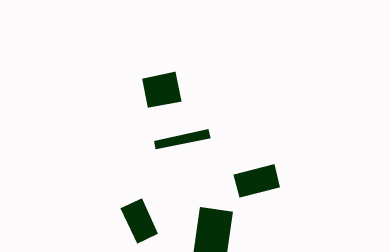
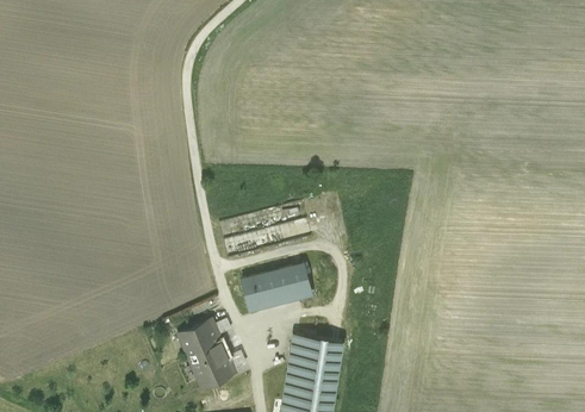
building: [142,71,182,109] -> none
building: [232,164,281,198] -> [239,263,310,313]

